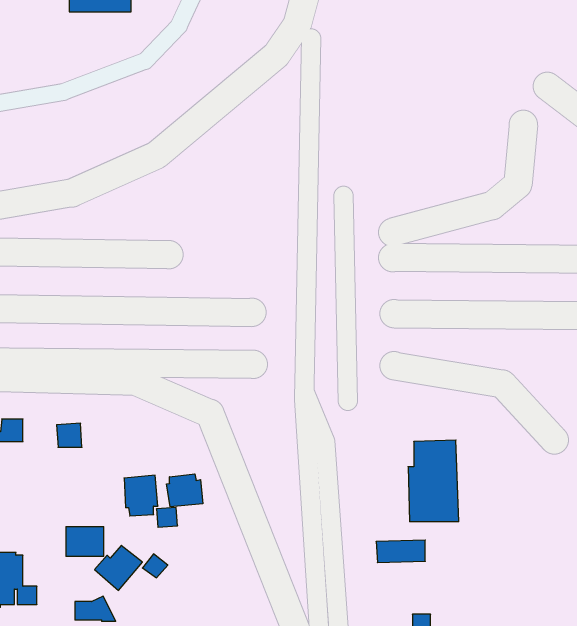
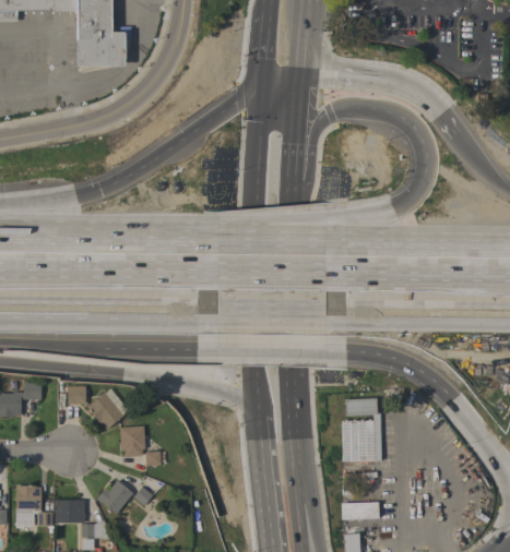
building: none -> [87,392,124,430]
building: [167,474,203,507] -> none
building: [66,527,104,556] -> [56,500,85,523]
building: [376,540,425,563] -> [340,502,378,519]

